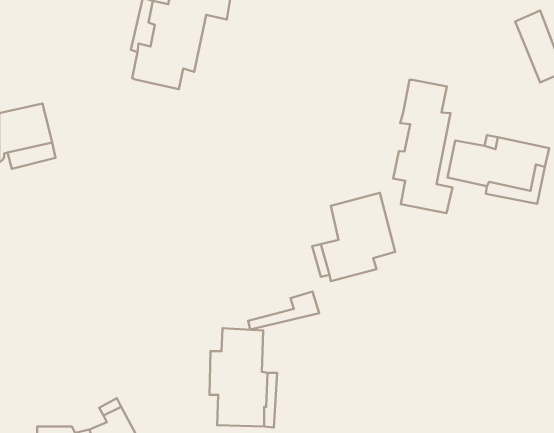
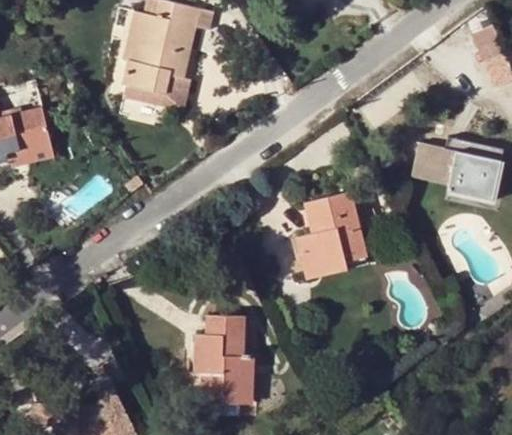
building: none -> [123,75,192,111]
building: [393,80,453,213] -> none
building: [248,291,319,330] -> [305,243,370,278]

